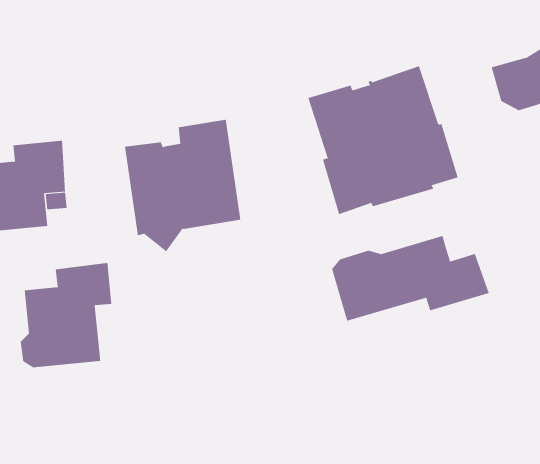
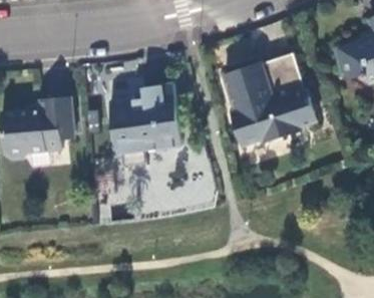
building: [332,235,489,322] -> none
building: [20,262,112,368] -> none

